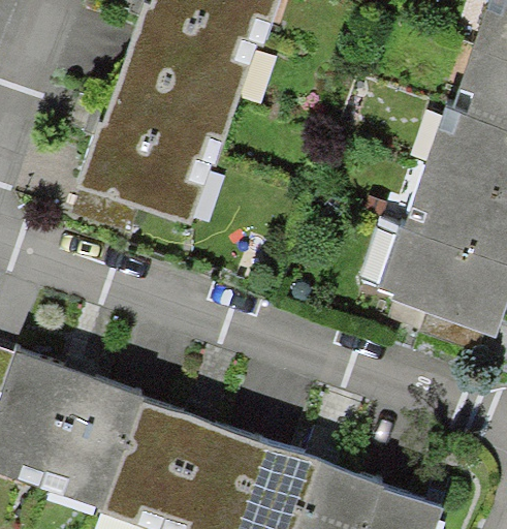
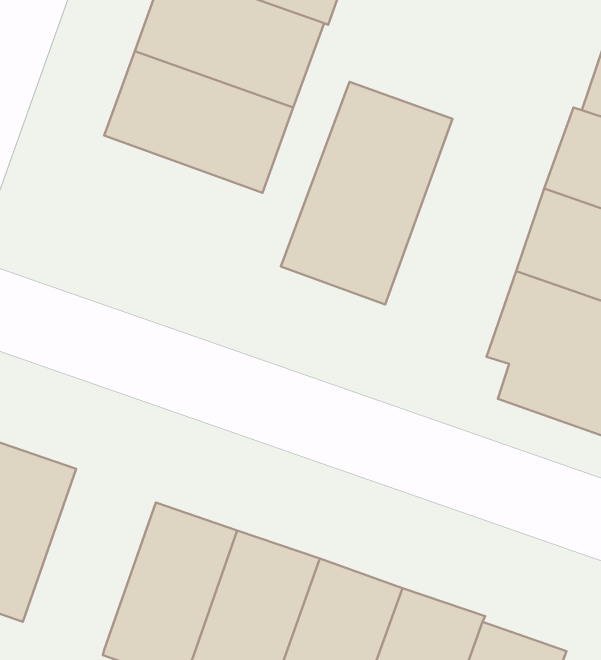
building: none -> [281,82,453,305]
building: [80,124,218,228] -> none
building: [41,370,140,503] -> none

